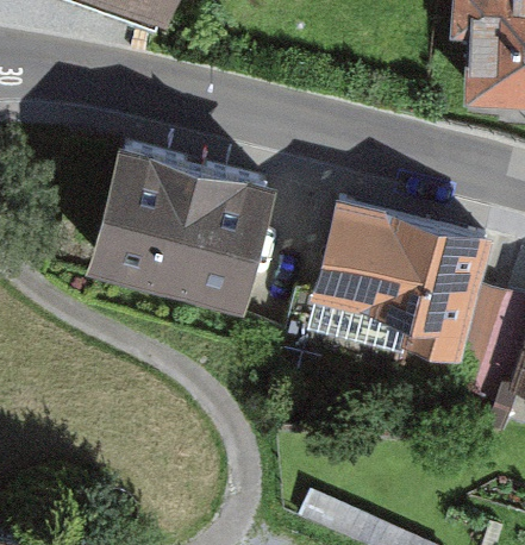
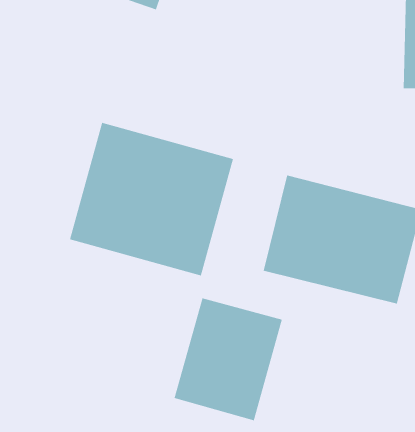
building: none -> [174,297,282,421]

